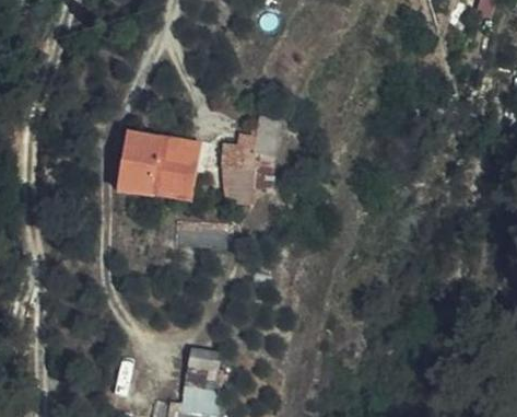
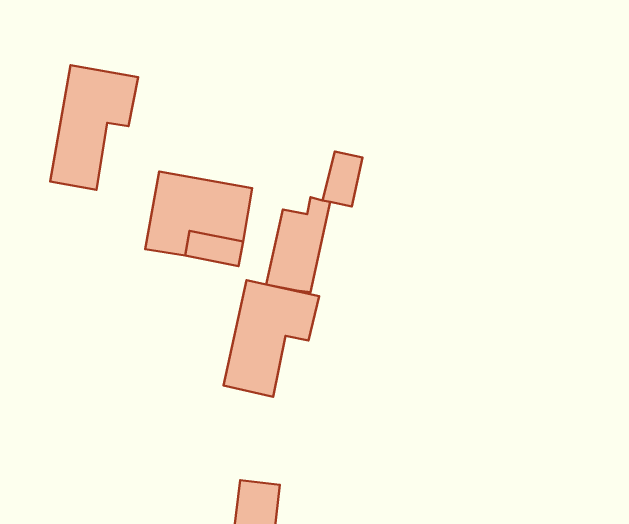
building: none -> [50,65,138,190]
building: none -> [224,280,319,397]

